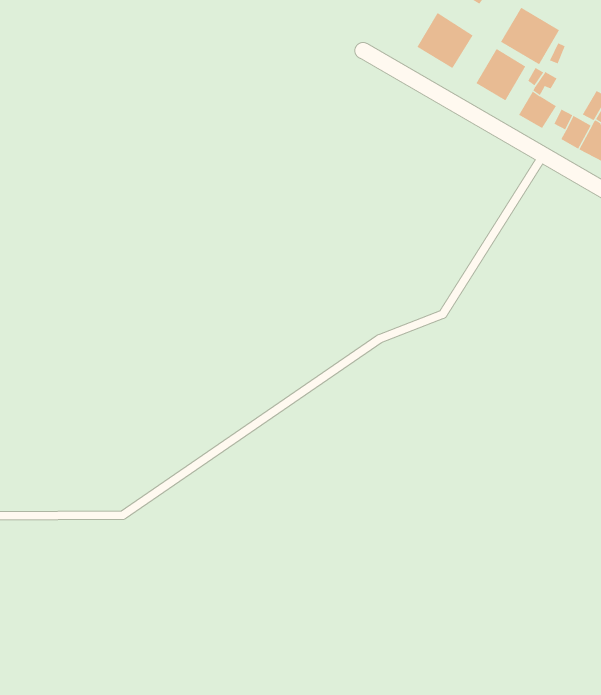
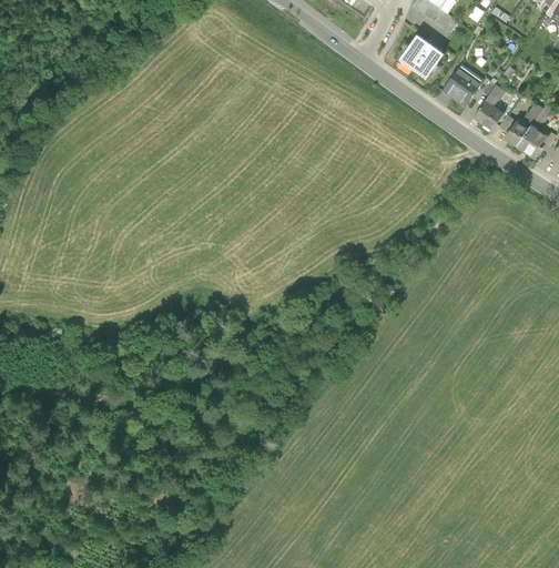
building: [500,7,560,65] -> none

